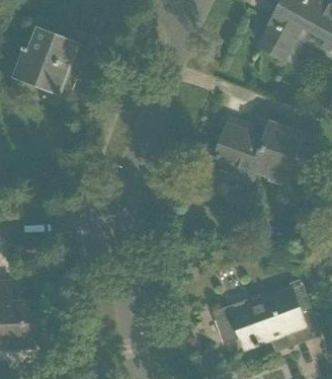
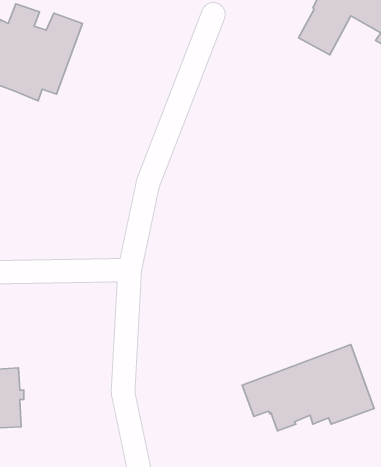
building: [209,124,301,184] -> none

